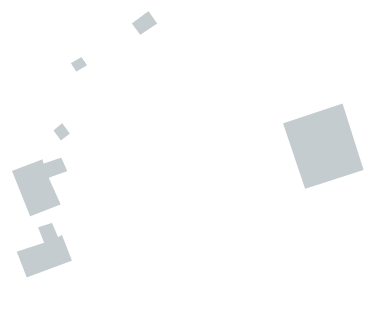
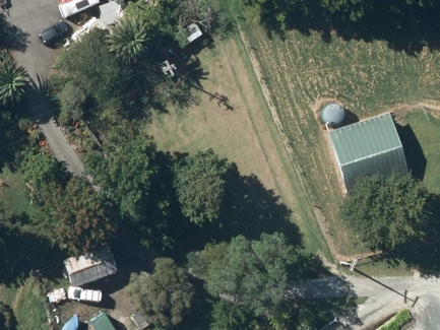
building: [11,157,68,217] -> none

